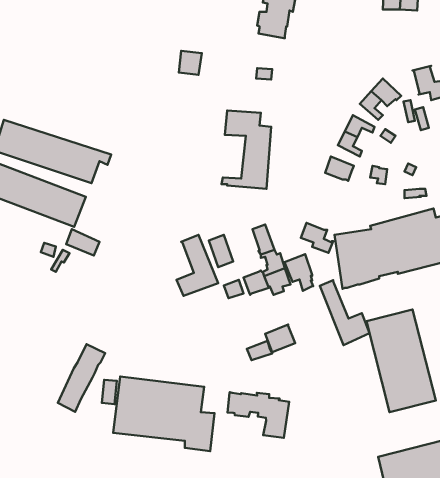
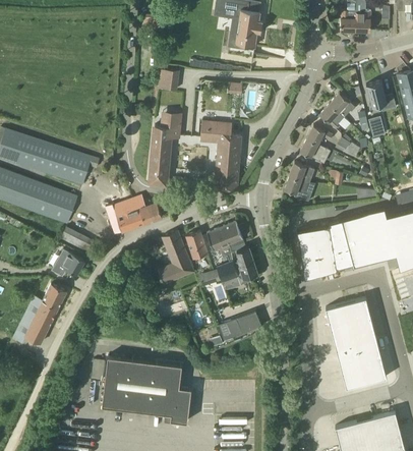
building: none -> [150,114,181,183]
building: none -> [106,196,162,235]
building: [301,223,333,253] -> [284,176,312,203]
building: [284,254,313,291] -> [206,226,232,259]
building: none -> [52,251,84,276]
building: [320,280,370,345] -> none
building: [58,344,105,412] -> [25,284,67,344]
building: [228,392,289,438] -> none

